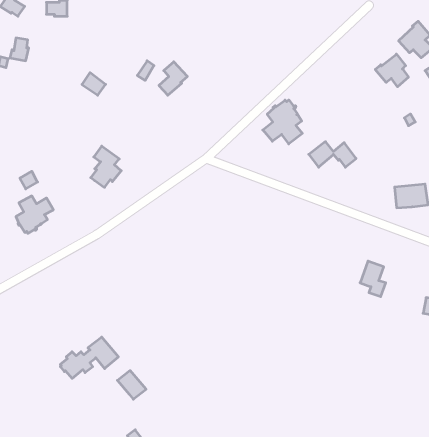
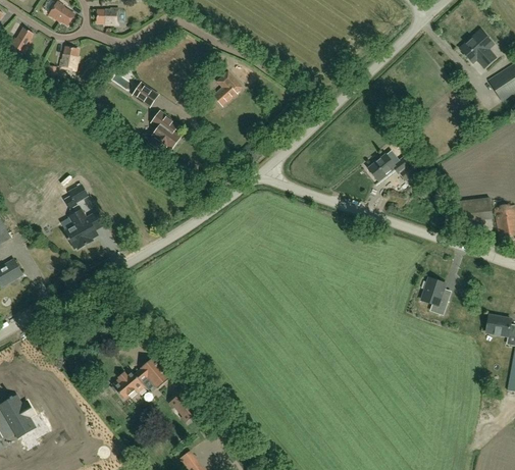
building: [375,54,408,87] -> none
building: [263,100,302,144] -> none
building: [91,146,121,187] -> [149,111,181,154]

